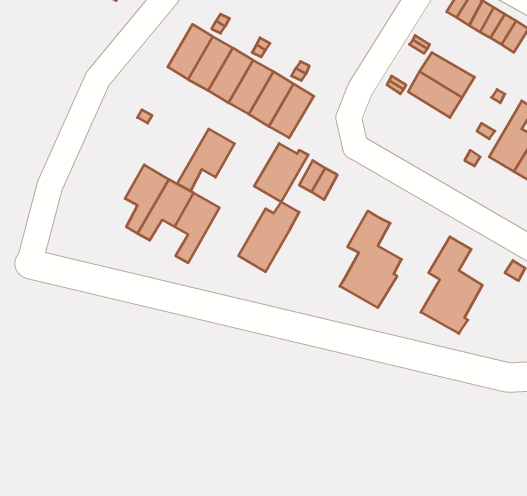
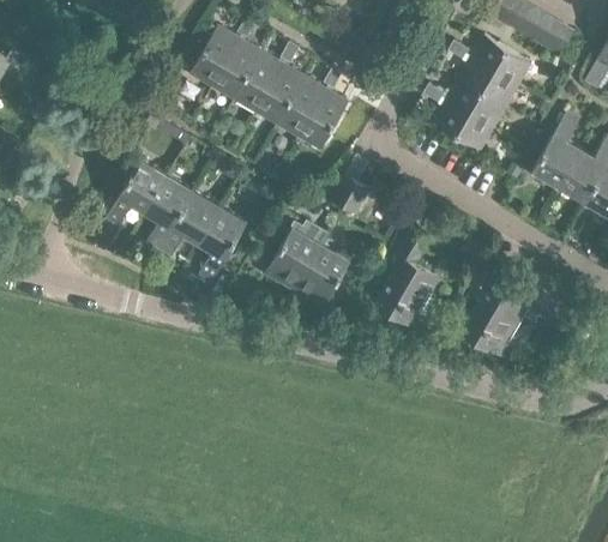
building: none -> [474,35,532,84]
building: none -> [435,100,493,149]
building: [177,129,235,191] -> [106,162,167,228]
building: [254,143,308,202] -> [296,246,354,308]

